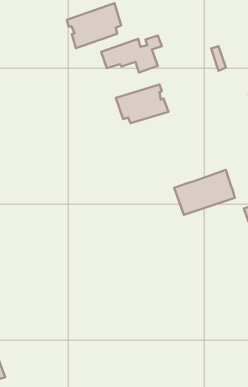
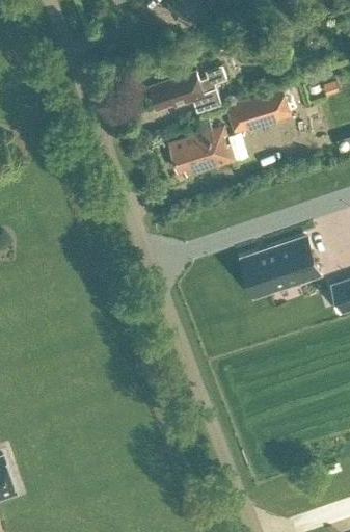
building: [67,3,121,48] -> none
building: none -> [223,91,290,137]

